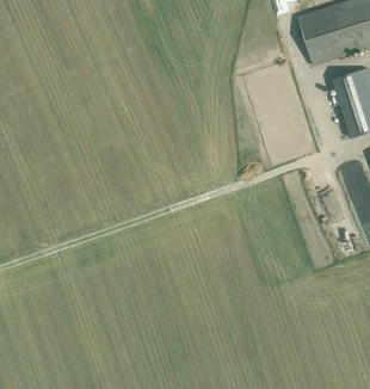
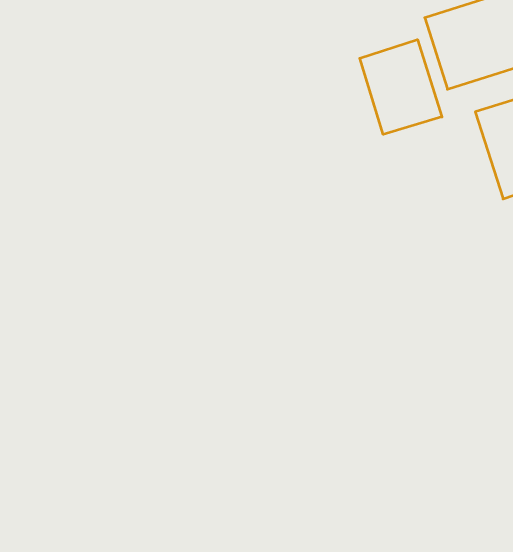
building: none -> [360,40,442,134]

